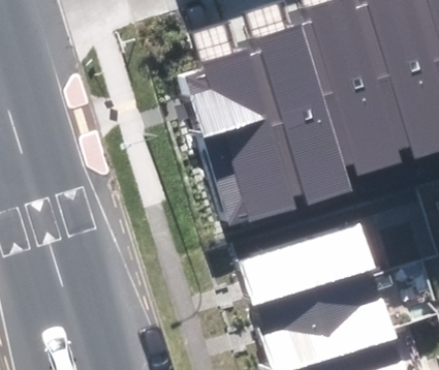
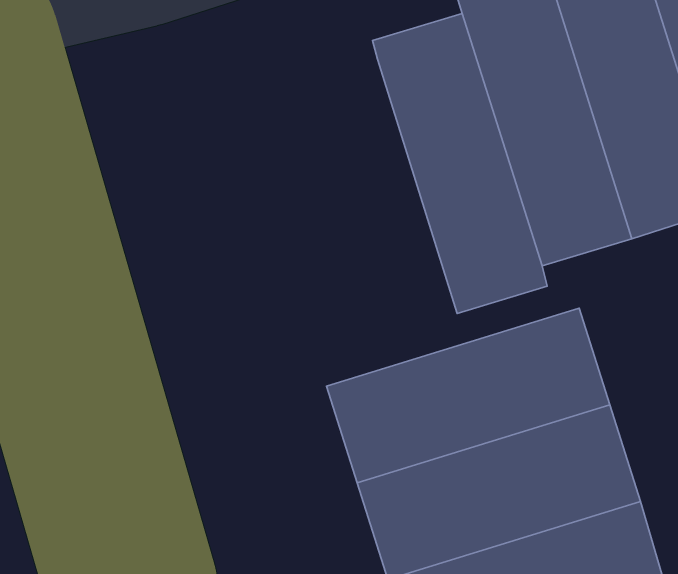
building: [195,51,299,222] -> none

